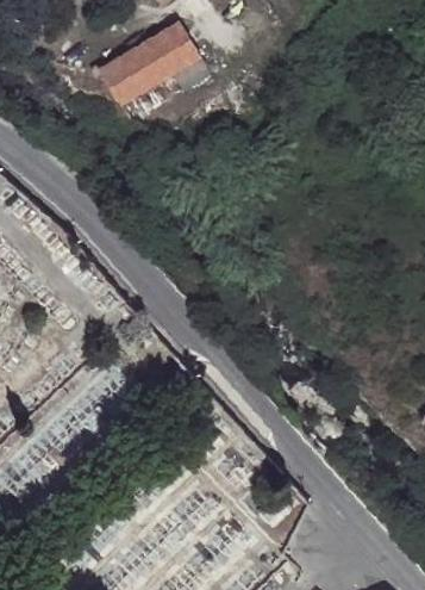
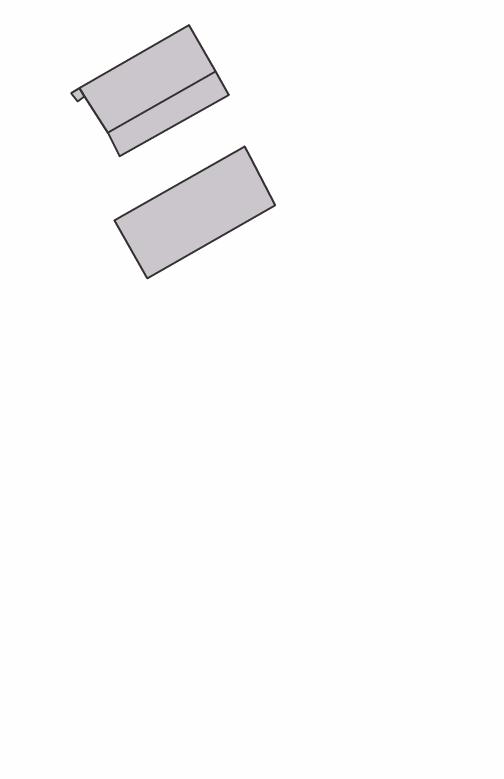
building: none -> [114,146,275,278]

